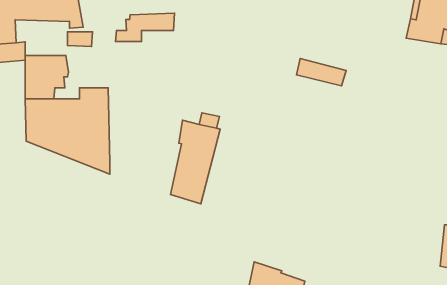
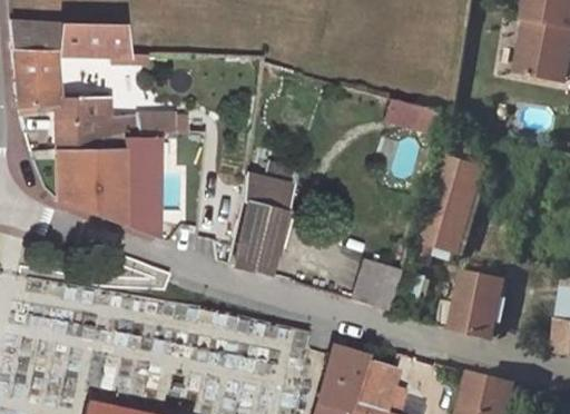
building: [116,13,174,42] -> [91,114,163,148]
building: none -> [422,156,484,252]
building: none -> [353,259,400,310]
building: none -> [441,270,510,336]

